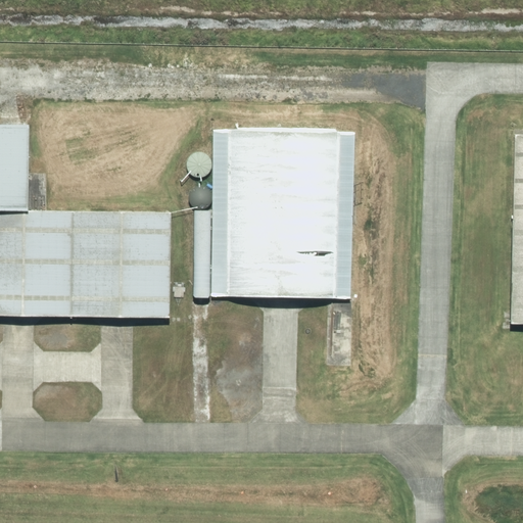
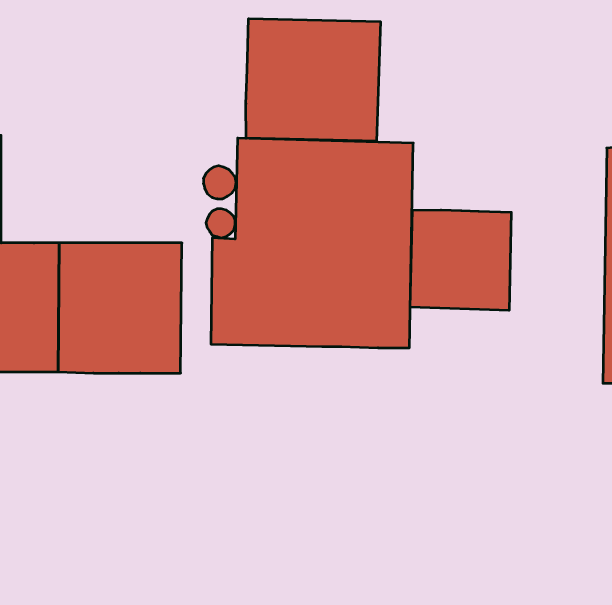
building: none -> [246,19,380,141]
building: none -> [410,210,511,310]

